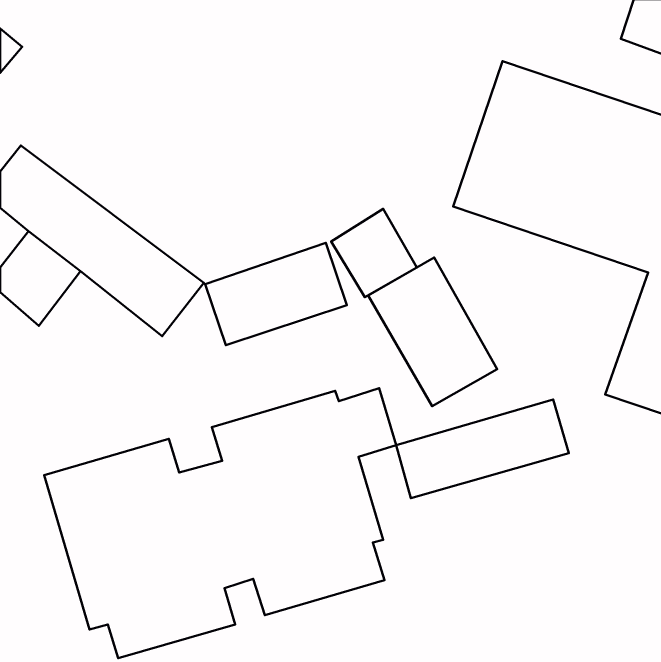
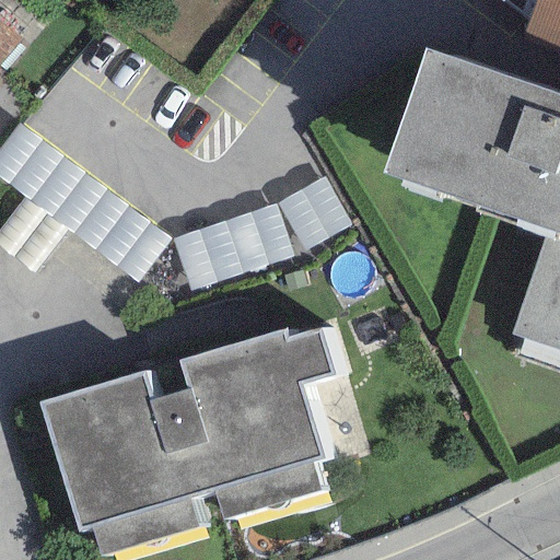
building: [368,257,497,406] -> none
building: [396,399,569,498] -> none

